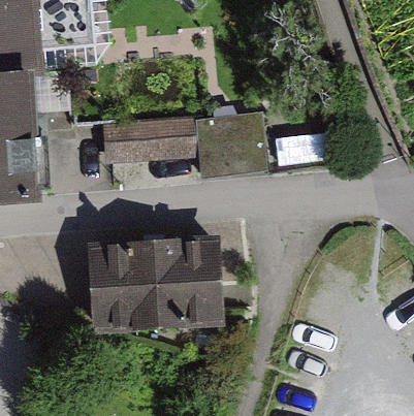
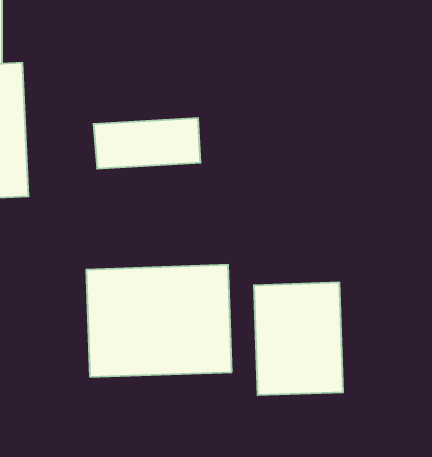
building: none -> [254,282,343,395]

